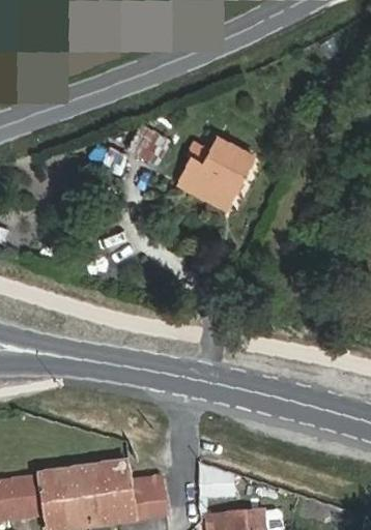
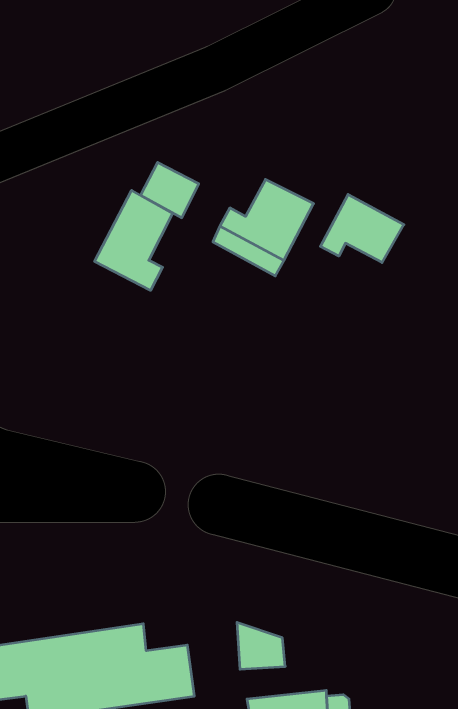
building: none -> [95,190,173,290]
building: none -> [320,194,404,263]

